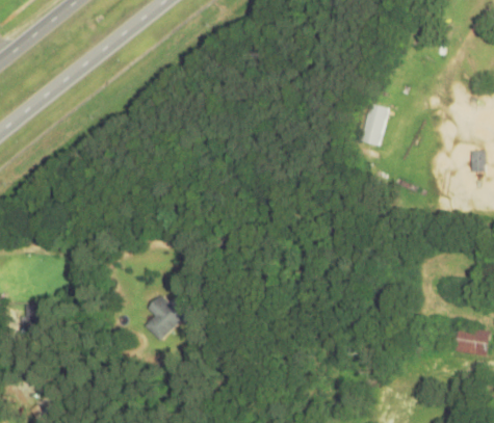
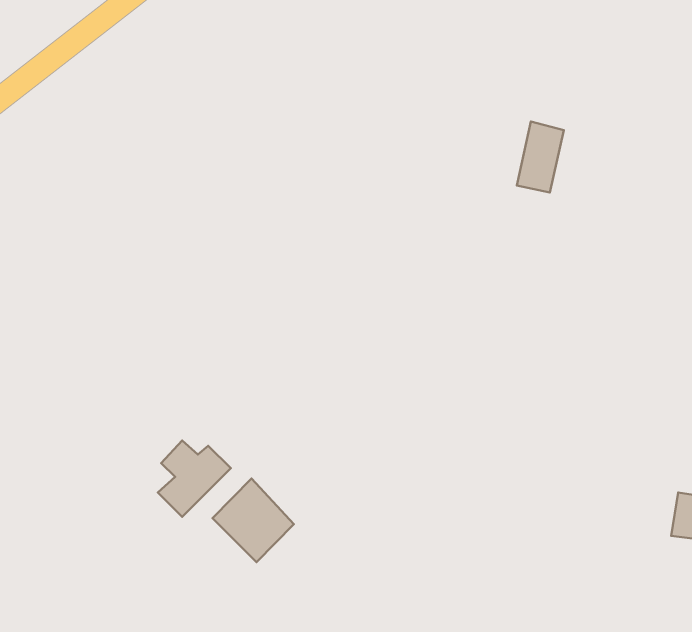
building: none -> [212,479,294,562]

